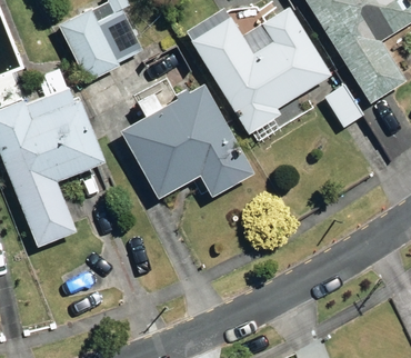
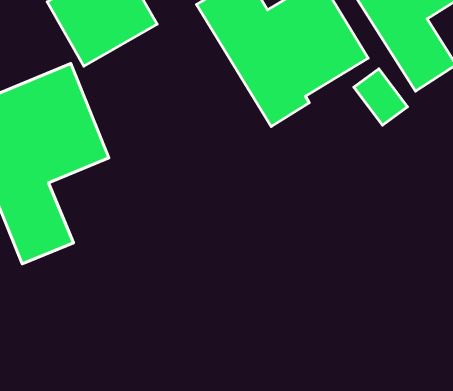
building: [122,69,252,198] -> none

